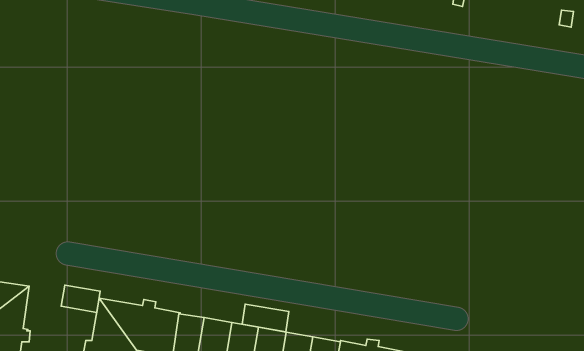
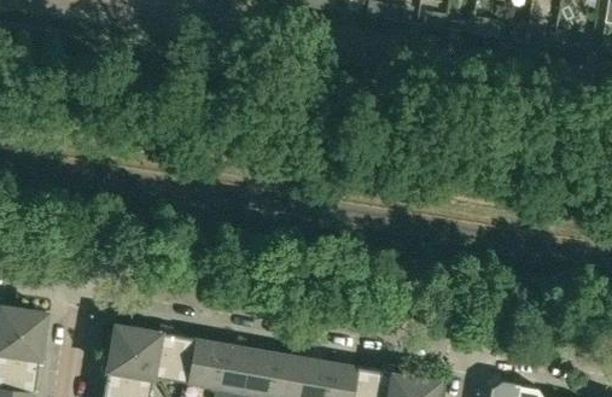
building: [61,285,100,312] -> none
building: [242,304,289,332] -> none

